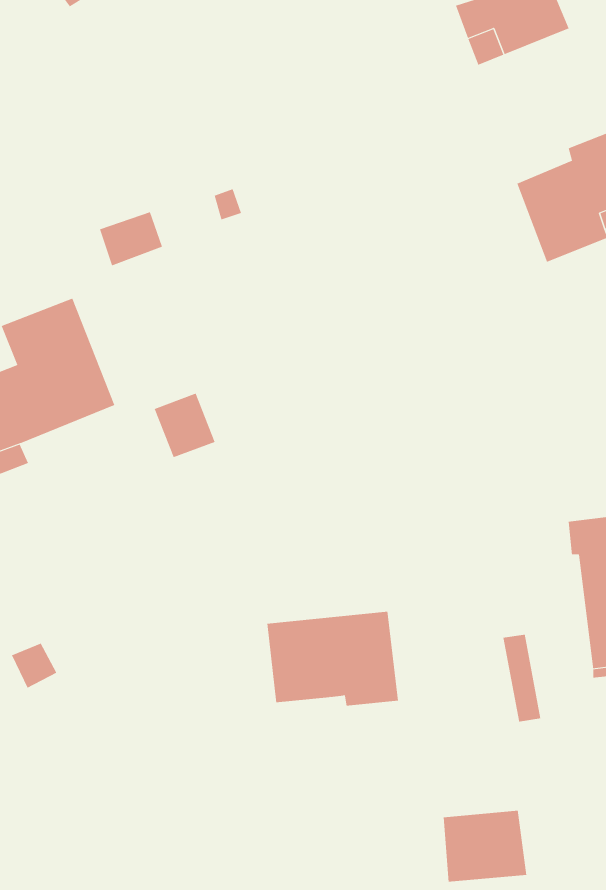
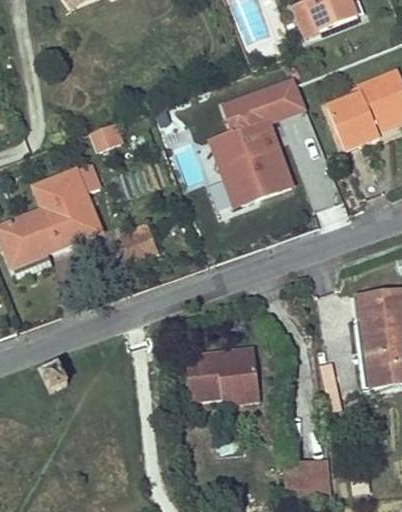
building: none -> [211,82,306,206]

